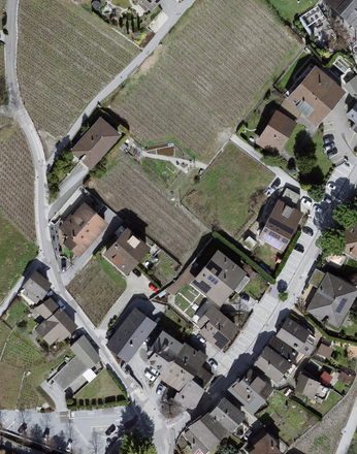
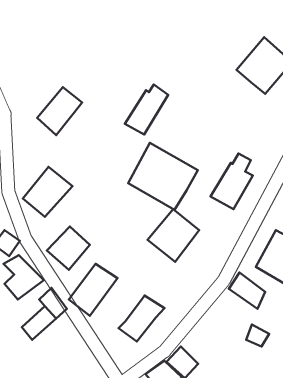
building: [254,102,300,156] -> [125,84,168,134]
building: none -> [128,143,198,210]
building: [102,229,149,275] -> [47,227,90,270]
building: [194,306,239,351] -> none
building: [147,332,184,370] -> none
building: [253,336,295,382] -> none
building: [169,366,212,411] -> none
building: [226,369,273,415] -> none

